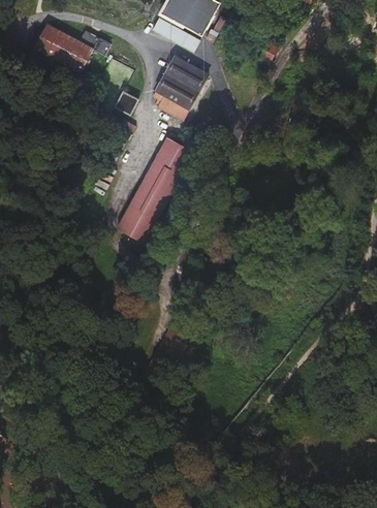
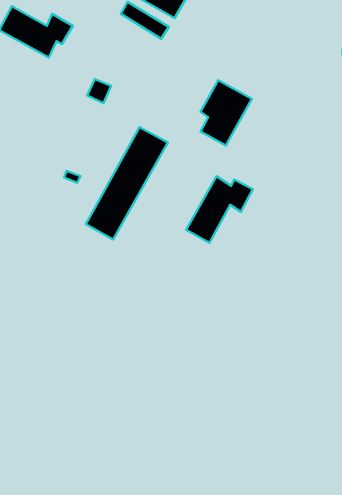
building: [158,58,207,120] -> [201,80,252,146]
building: none -> [186,176,253,243]

